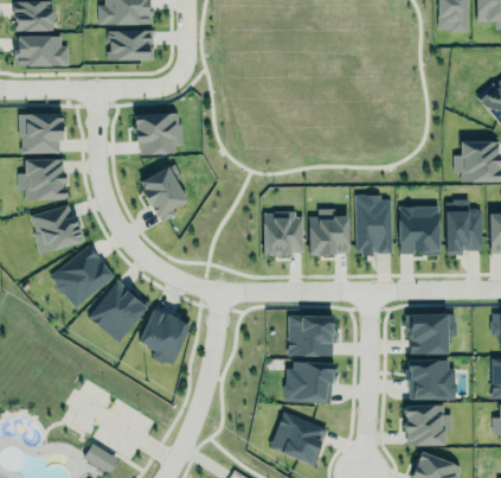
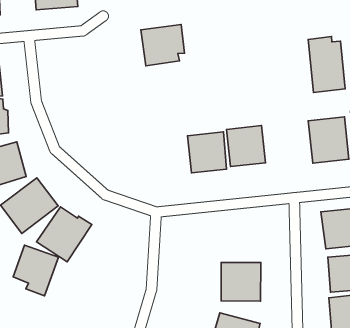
building: [136,113,182,155] -> [141,24,184,66]
building: [141,159,188,222] -> none
building: [357,195,393,255] -> [308,37,345,92]
building: [140,308,192,367] -> [13,245,59,296]
building: [287,312,335,353] -> none

